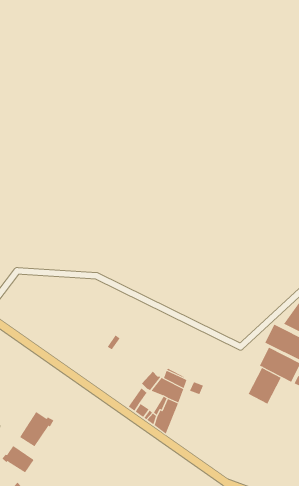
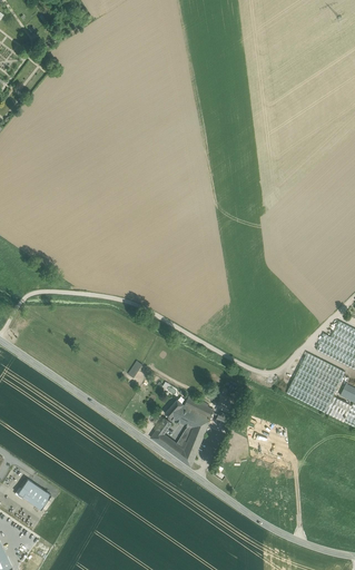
building: [248,367,281,405] -> none
building: [19,411,54,447] -> none

